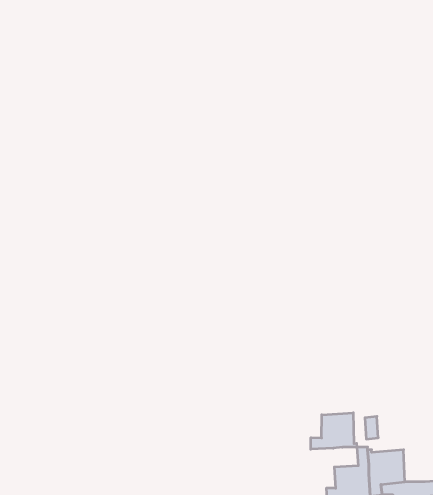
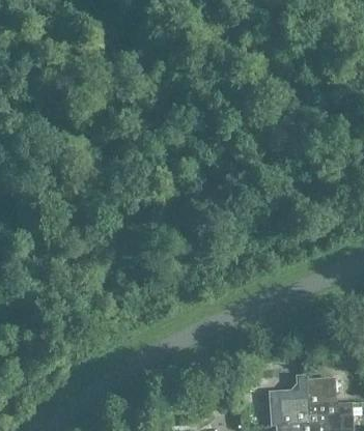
building: [311,413,357,449] -> none

